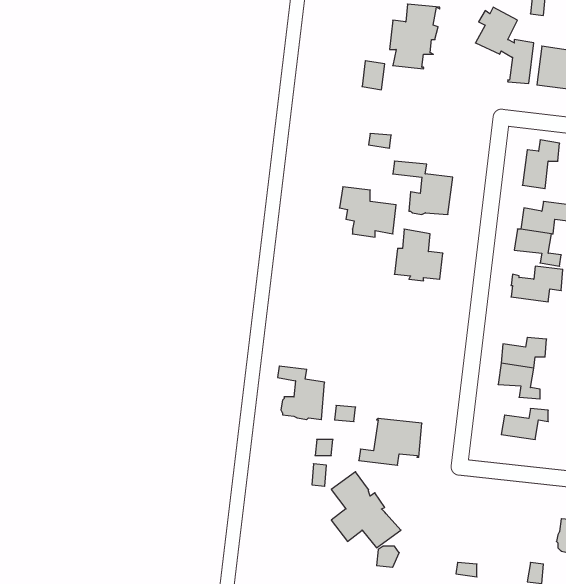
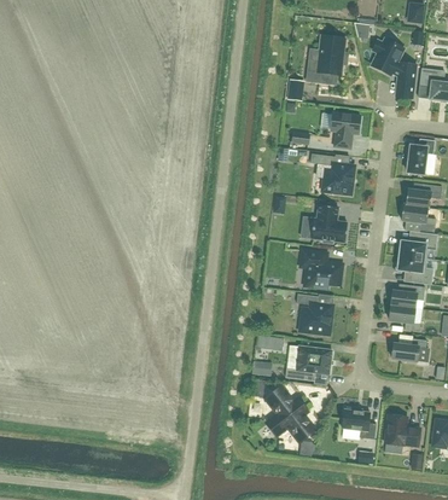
building: none -> [330,112,360,147]
building: [339,187,396,237] -> [299,250,342,287]
building: none -> [394,255,432,284]
building: [278,366,325,420] -> [296,293,331,333]
building: none -> [341,406,376,438]
building: none -> [384,414,419,446]

